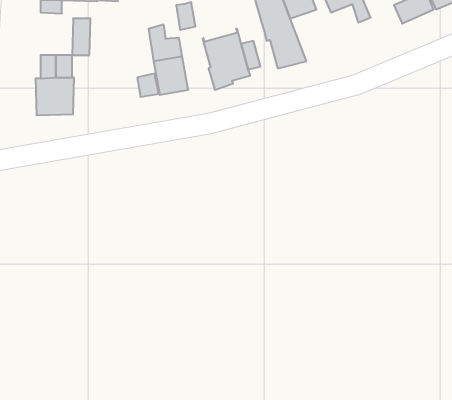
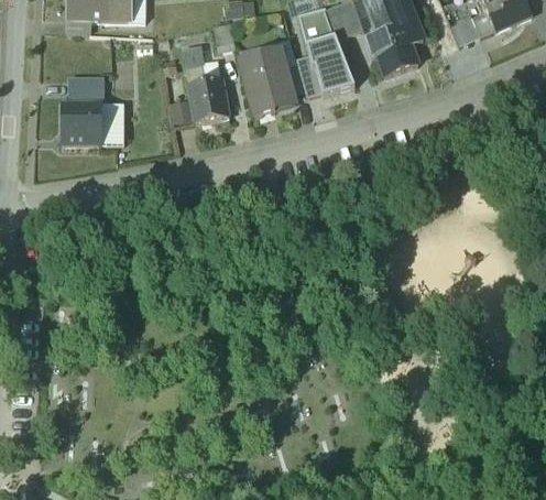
building: none -> [367,24,418,76]
building: [72,18,90,55] -> [102,104,122,143]
building: none -> [295,54,323,95]

